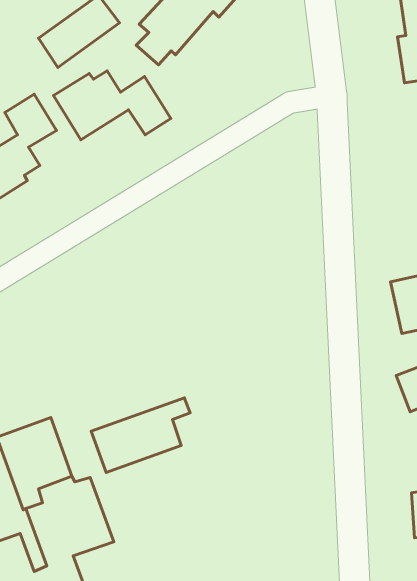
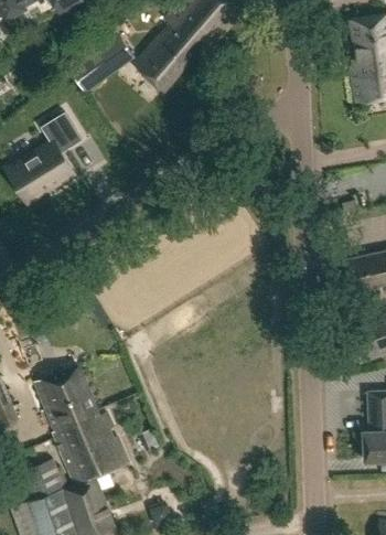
building: [54,71,171,140] -> none
building: [91,398,190,473] -> none

